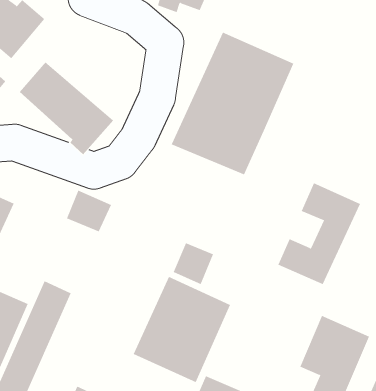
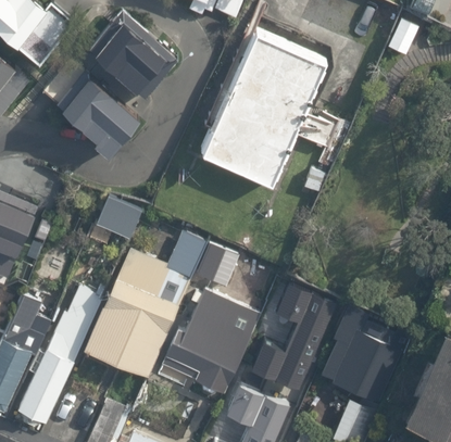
building: none -> [89,14,179,102]
building: [278,183,361,285] -> [249,283,335,389]
building: none -> [82,233,206,377]

